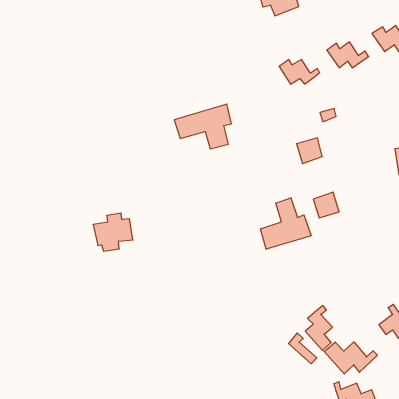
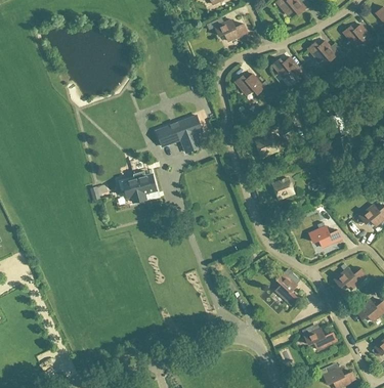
building: [260,198,311,249] -> none
building: [93,213,133,251] -> [123,170,156,202]
building: none -> [309,225,342,247]
building: [324,342,377,374] -> none

